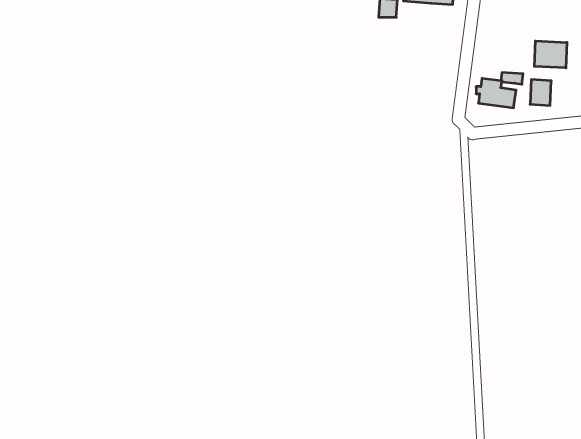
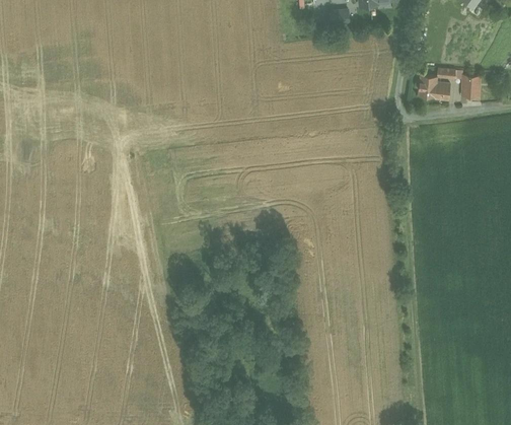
building: [534,41,567,68] -> none

